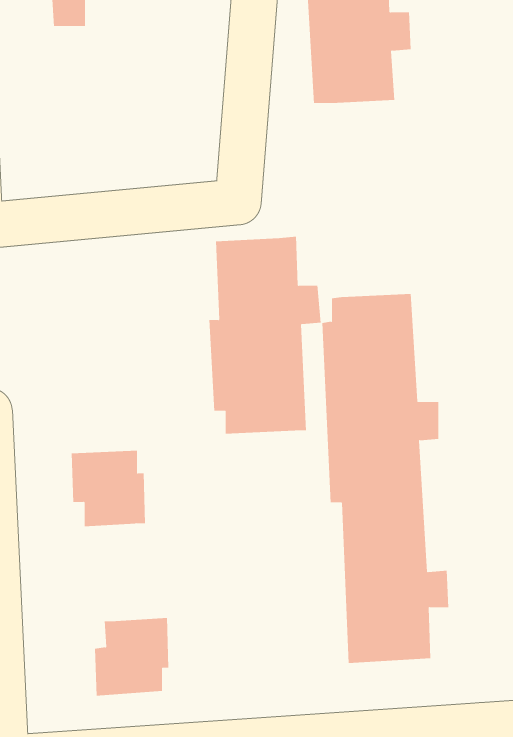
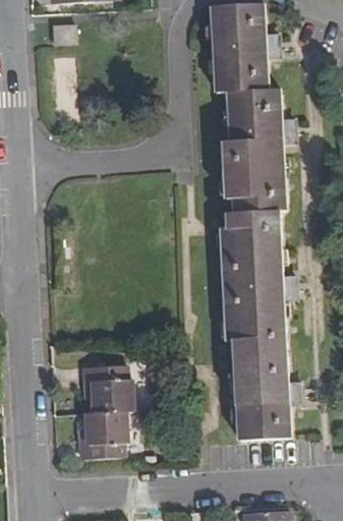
building: [209,236,321,434] -> [223,89,293,212]
building: [71,450,146,527] -> [84,365,131,413]

